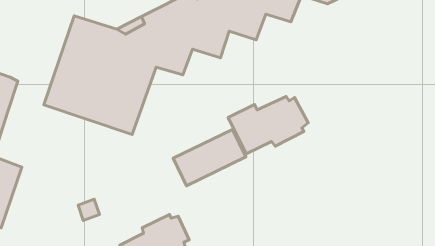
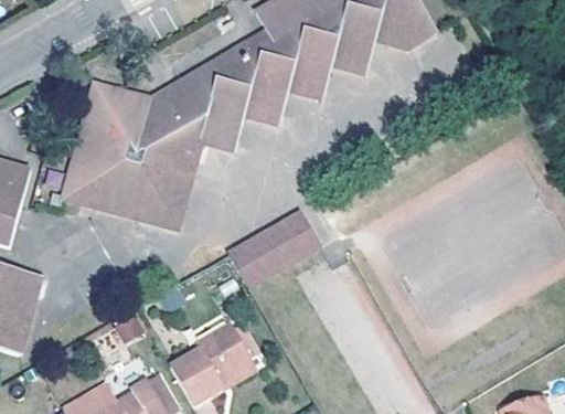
building: [228,96,308,154] -> none

